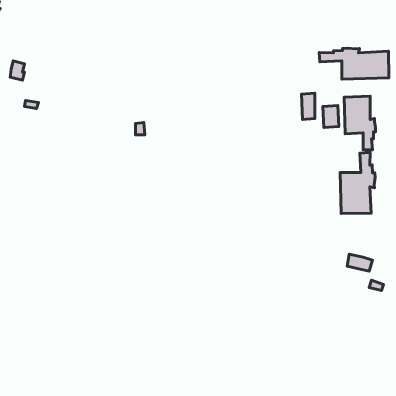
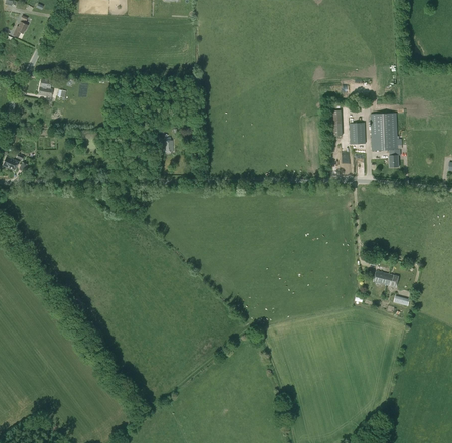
building: [319,48,389,79] -> none
building: [340,153,375,214] -> none

